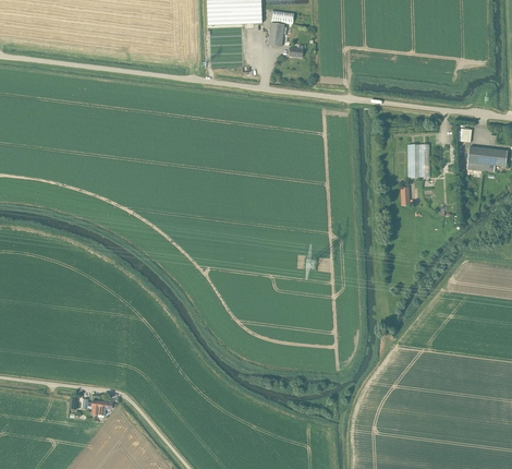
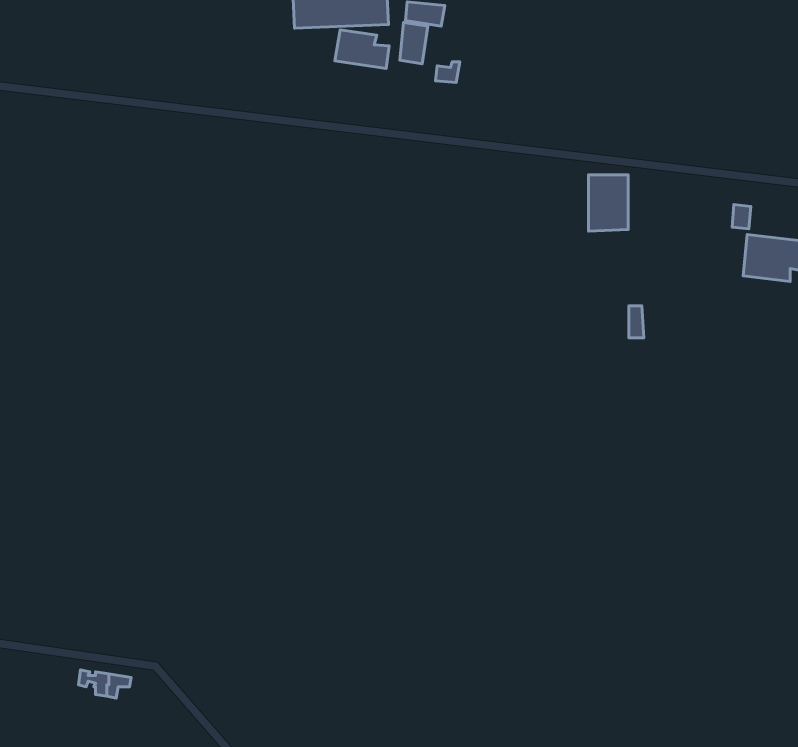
building: none -> [335,30,389,68]
building: [407,143,430,176] -> [589,175,628,231]

